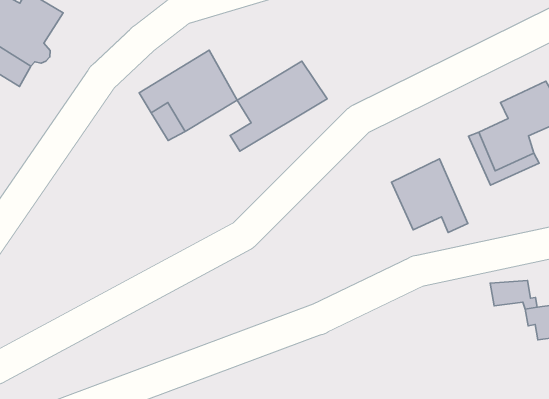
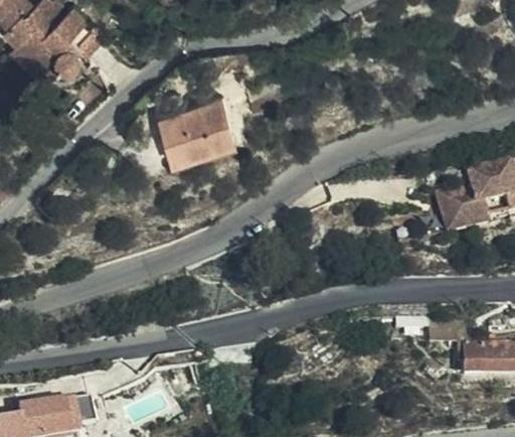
building: [230,61,327,151] -> none
building: [391,159,468,232] -> none

